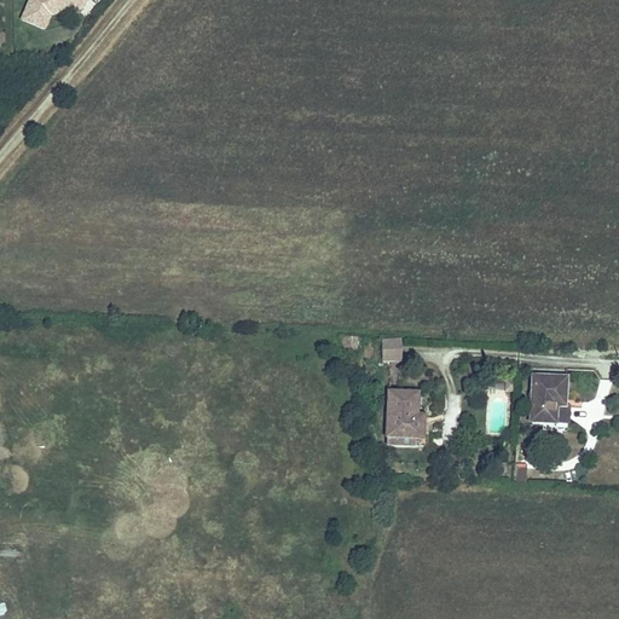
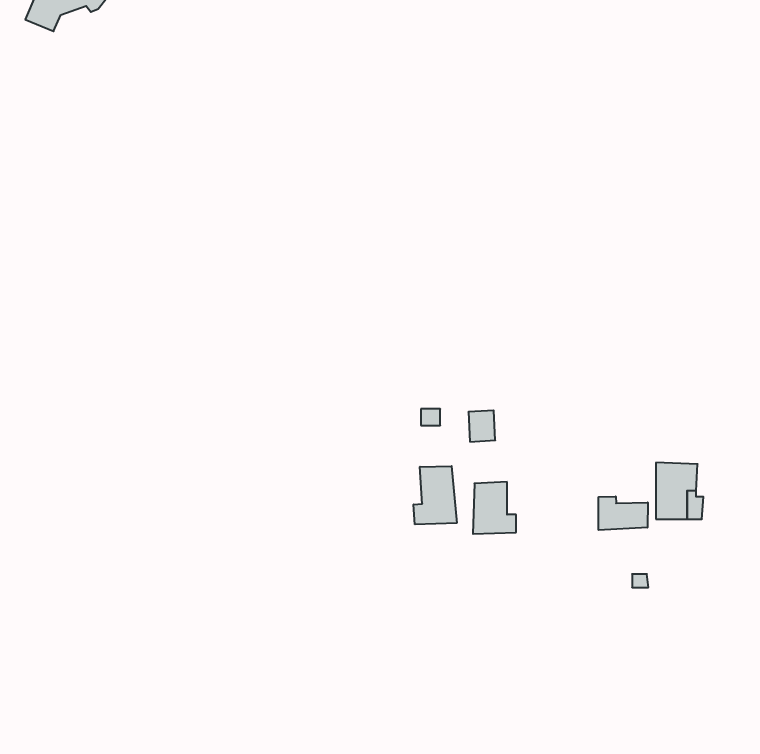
building: none -> [414,466,457,524]
building: none -> [599,496,648,530]

